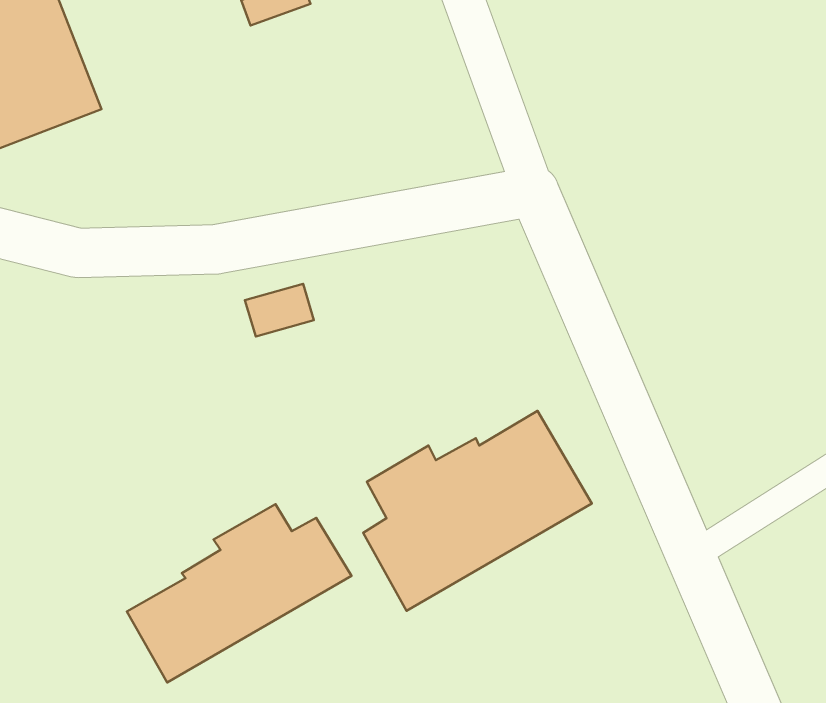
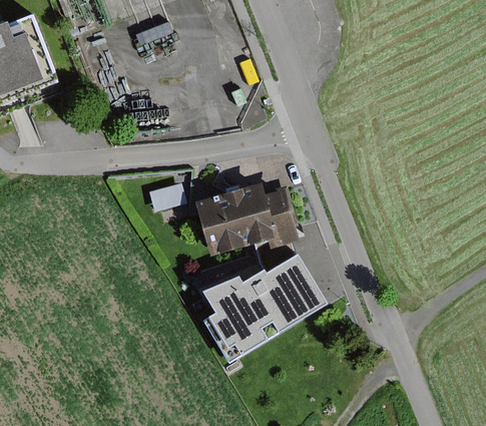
building: none -> [180,180,288,255]
building: [127,504,351,683] -> none

